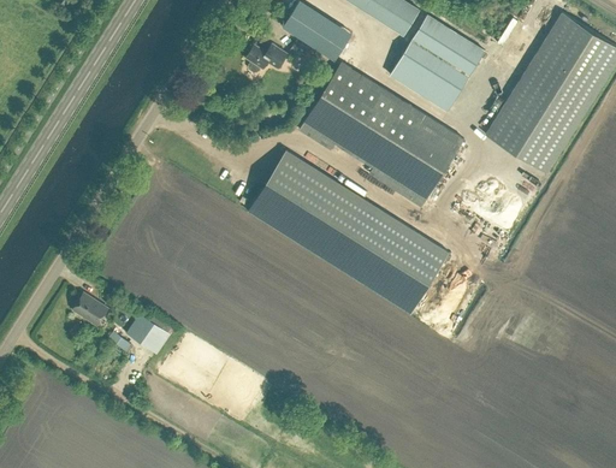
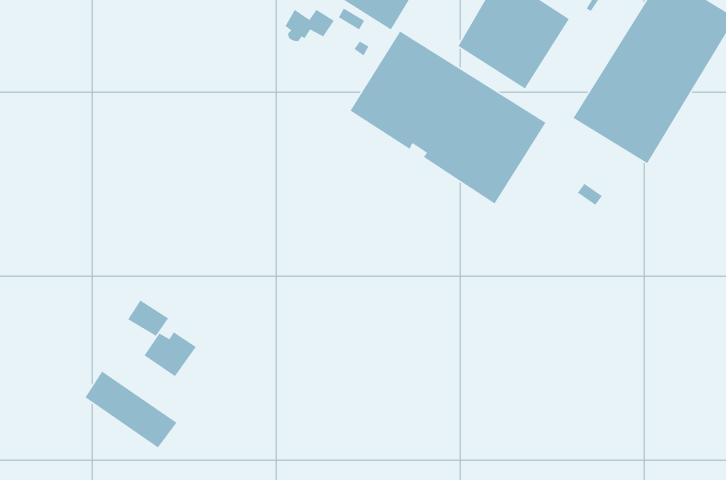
building: [248,148,449,312] -> none
building: [72,292,107,324] -> [127,299,169,337]
building: none -> [84,370,178,449]

